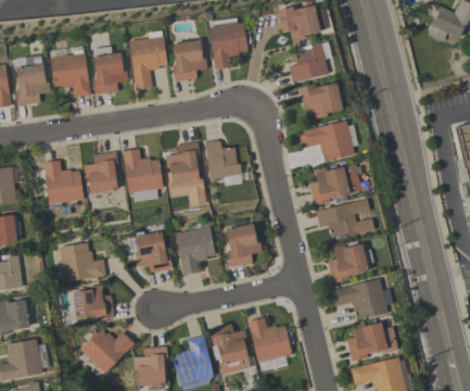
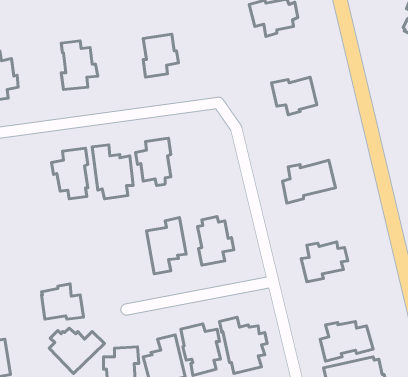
building: [208,22,247,68] -> none
building: [128,29,167,89] -> none
building: [289,42,328,83] -> none
building: [49,46,91,97] -> none
building: [297,119,358,161] -> none
building: [205,140,243,186] -> none
building: [43,160,84,203] -> none
building: [316,198,374,240] -> none
building: [135,231,173,272] -> none
building: [60,242,105,281] -> none
building: [332,278,393,319] -> none

